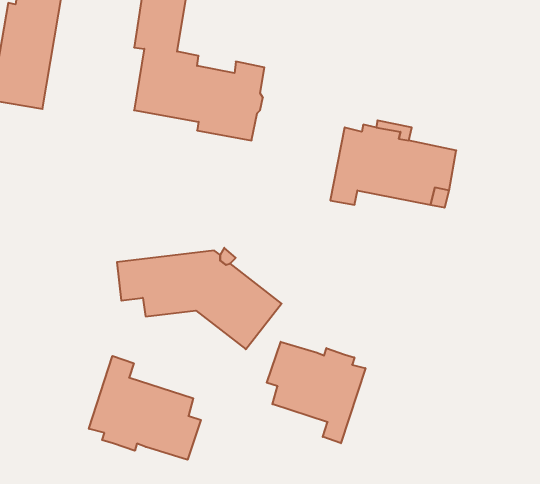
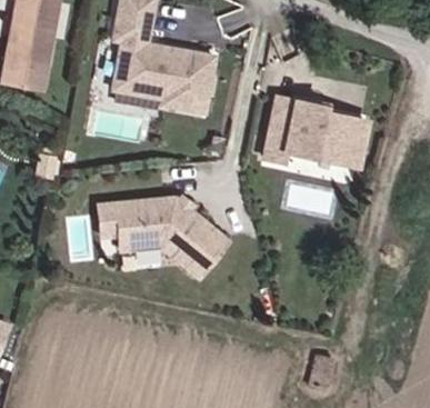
building: [267,342,365,443] -> none
building: [89,356,201,460] -> none

